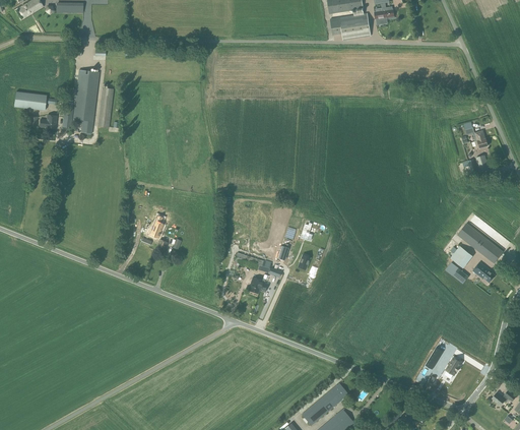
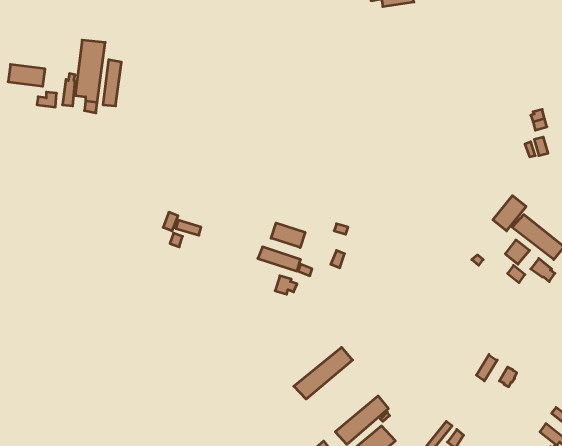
building: none -> [493,196,526,231]
building: none -> [271,223,305,248]
building: none -> [294,347,353,399]

